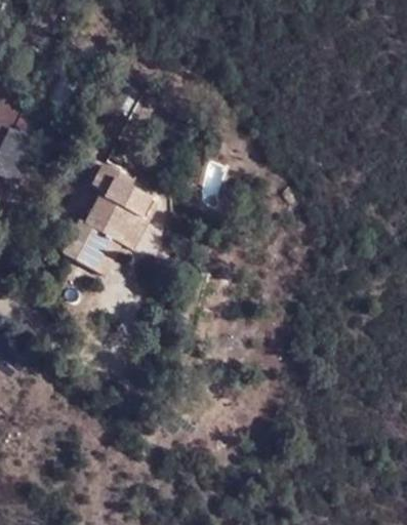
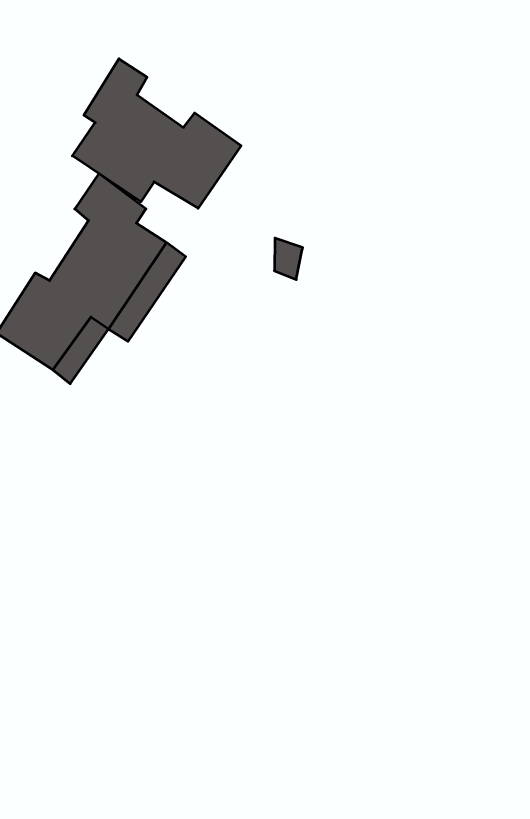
building: none -> [72,59,241,208]

